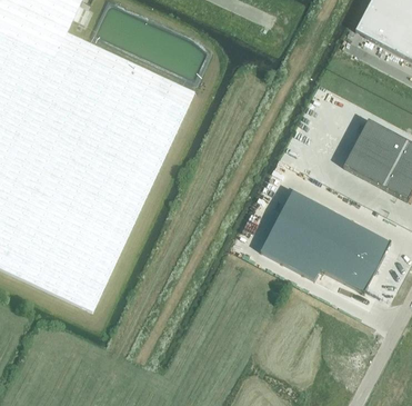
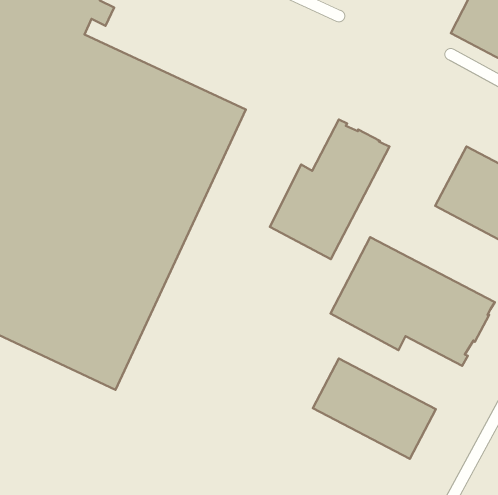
building: none -> [270,120,389,259]
building: none -> [313,359,436,459]

